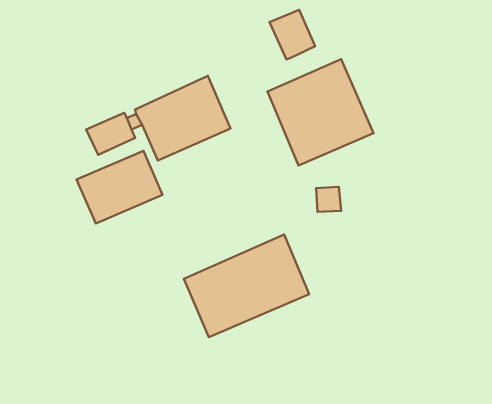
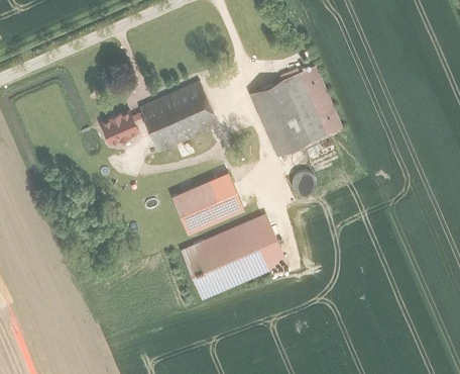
building: [270,10,315,59] -> none
building: [77,151,162,223] -> [170,172,243,233]

